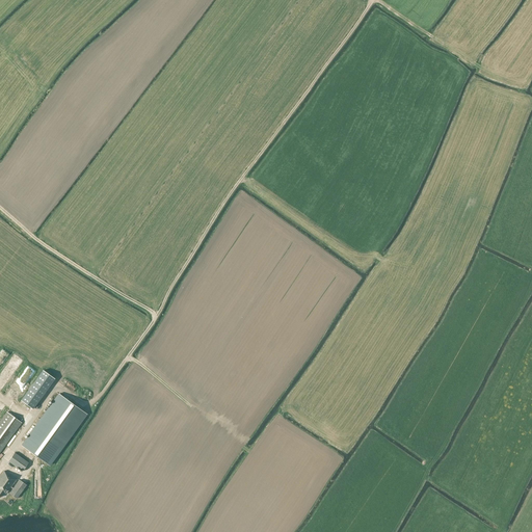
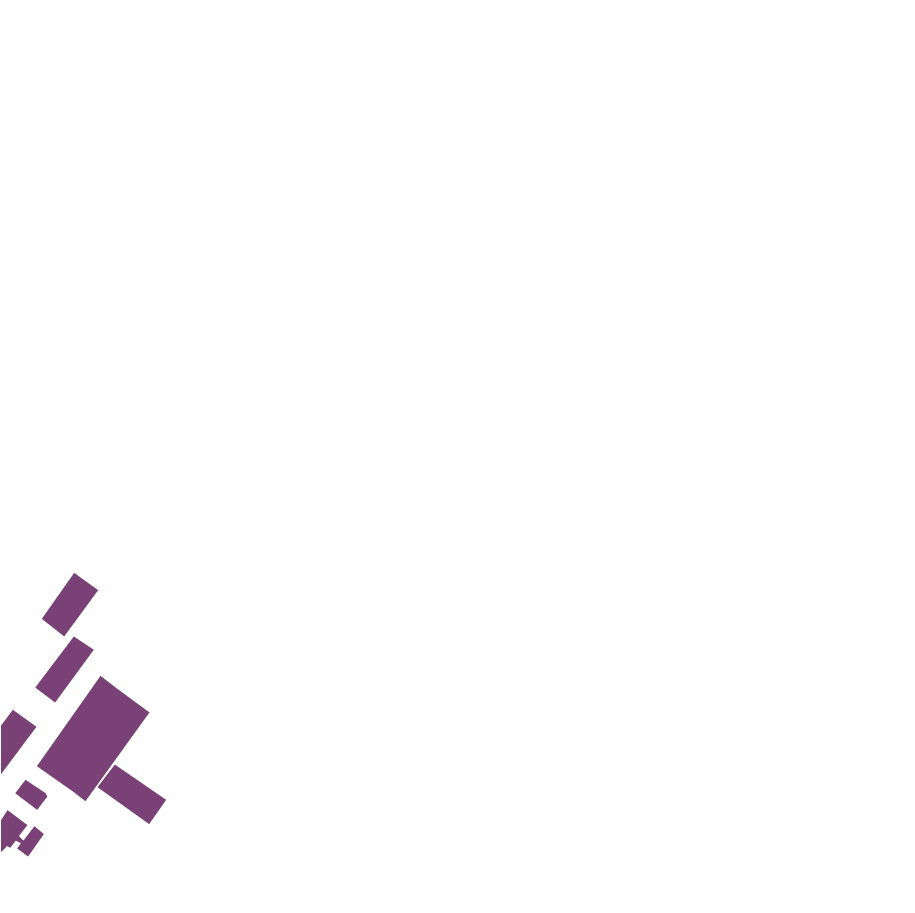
building: none -> [41,572,99,638]
building: none -> [96,764,167,825]

